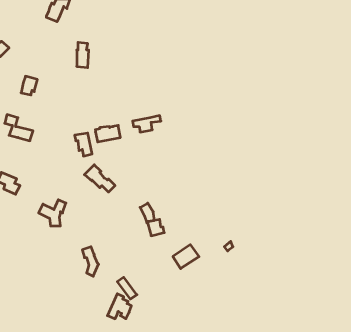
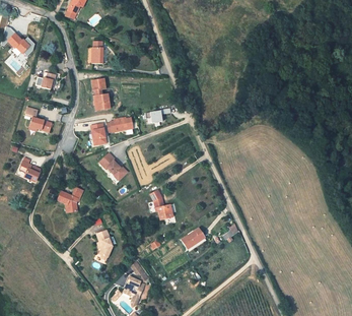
building: none -> [91,78,110,110]

